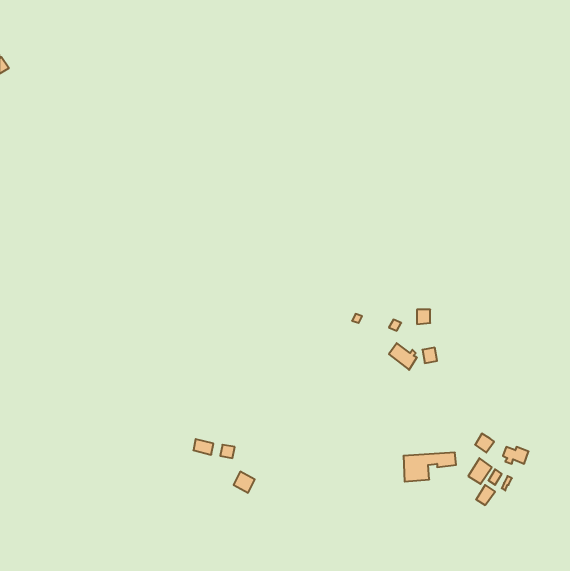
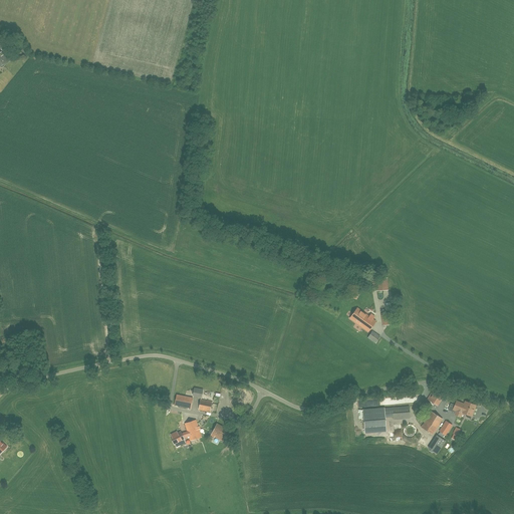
building: none -> [170,420,201,445]

